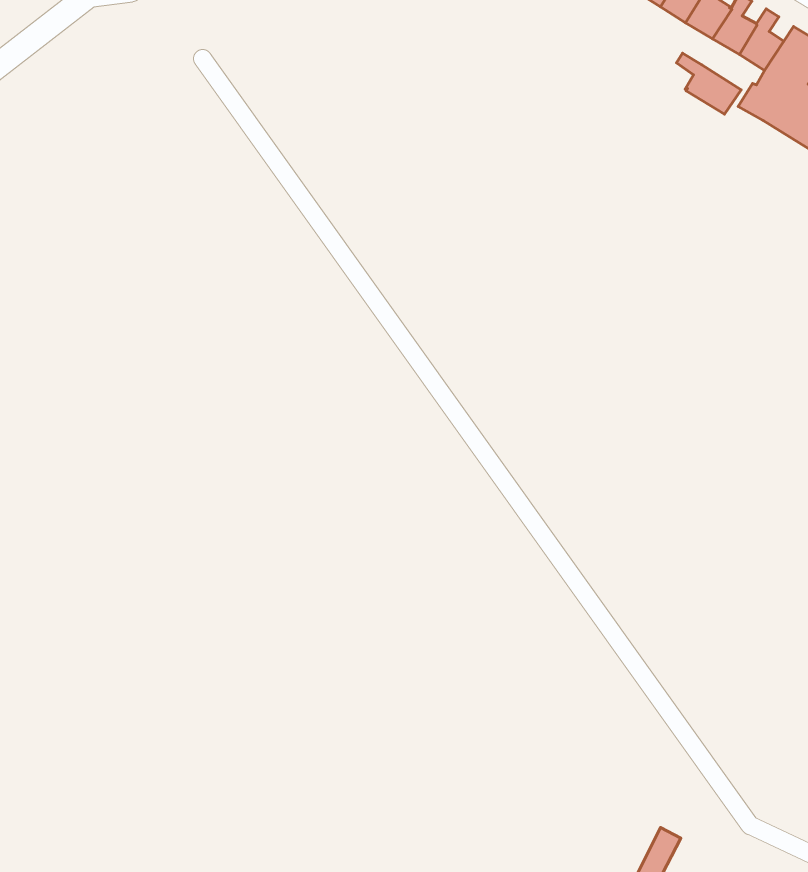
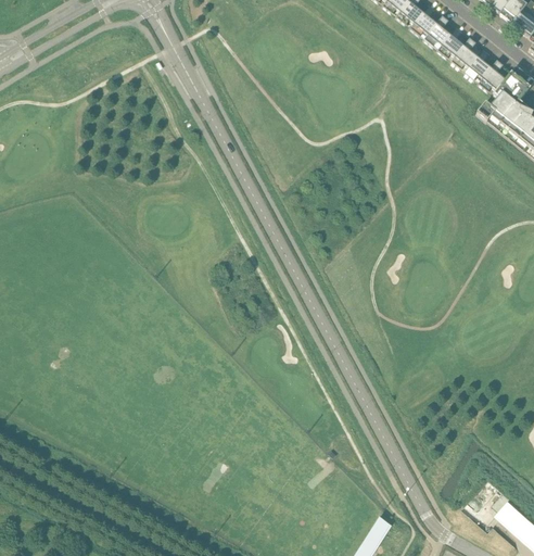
building: [676,53,741,114] -> none

